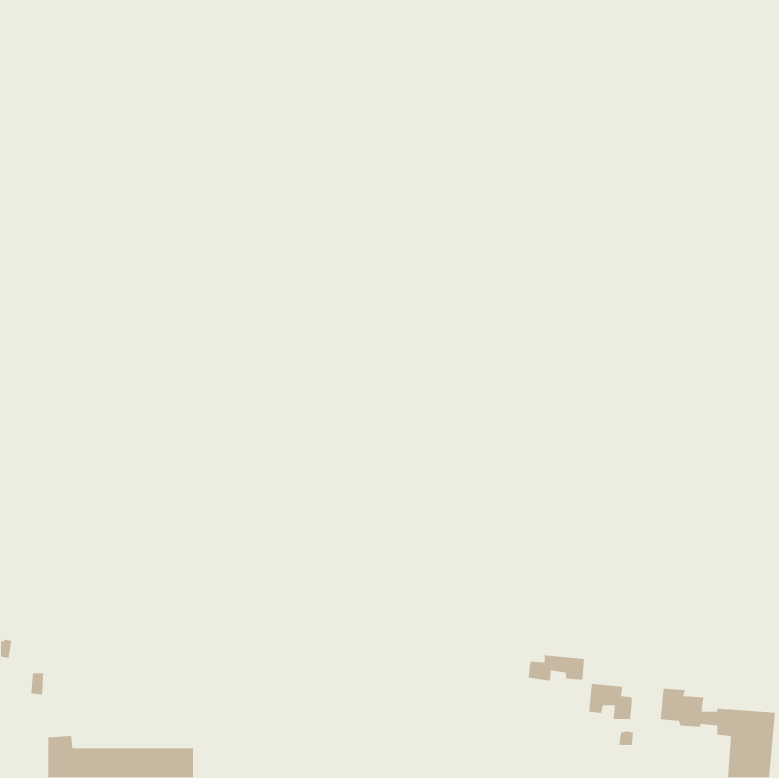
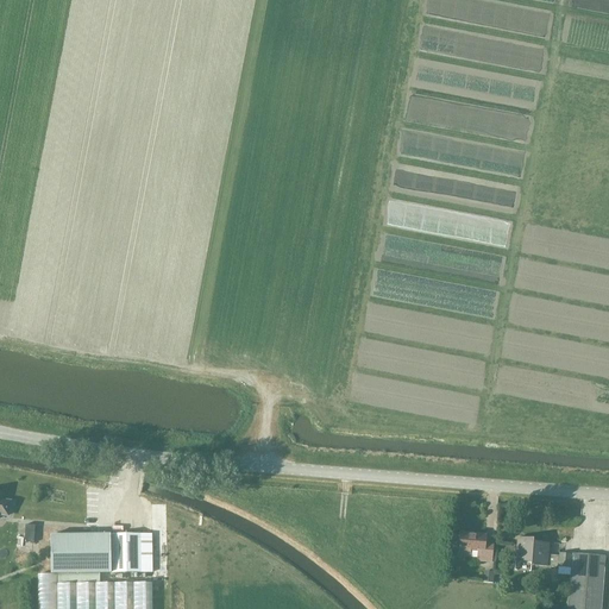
building: [528,655,585,682] -> none
building: none -> [51,532,153,571]

